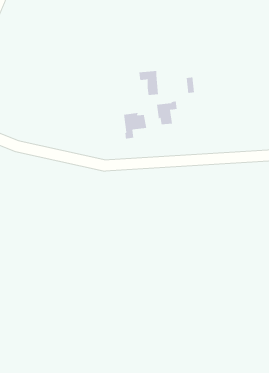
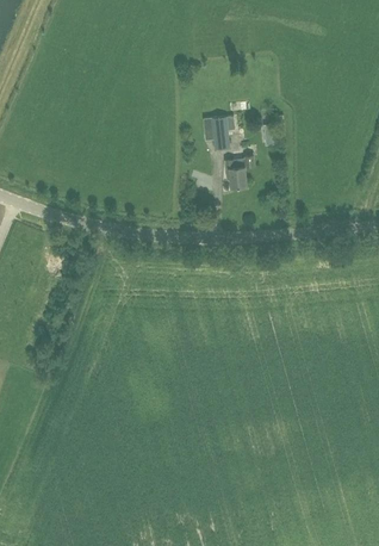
building: [123,112,147,139] -> none

